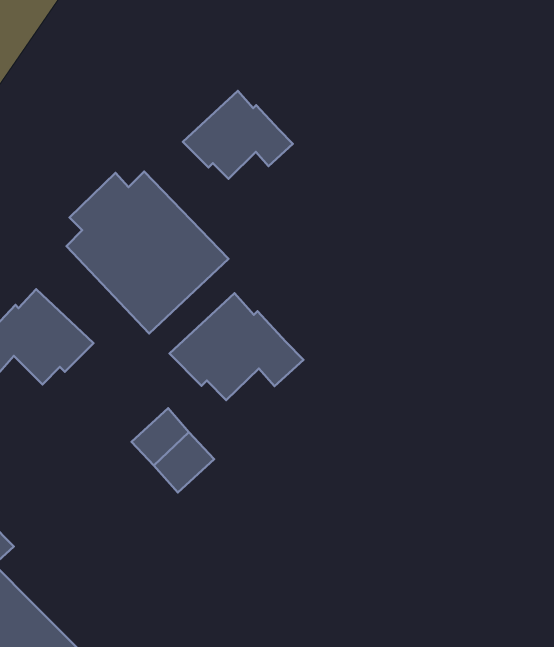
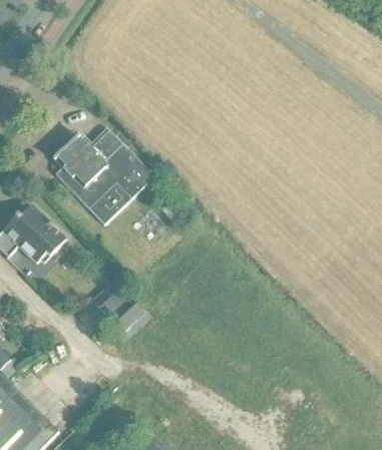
building: [183,91,293,179] -> none
building: [170,293,303,400] -> none

